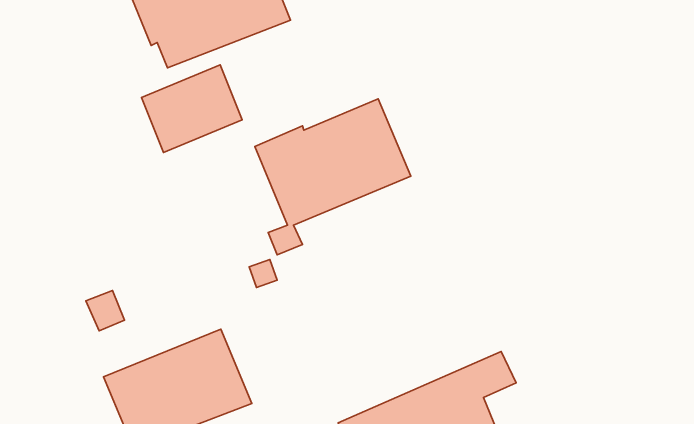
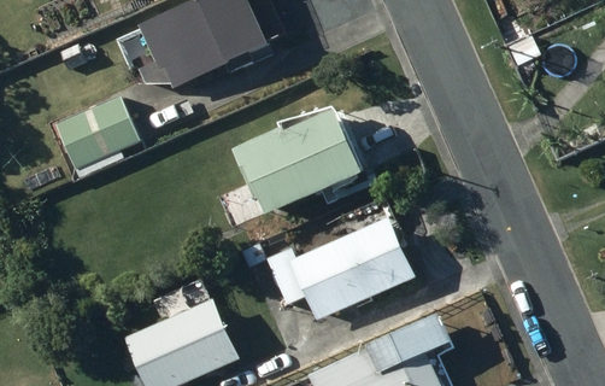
building: [141,65,242,153] -> [52,95,134,166]
building: none -> [259,217,415,318]

